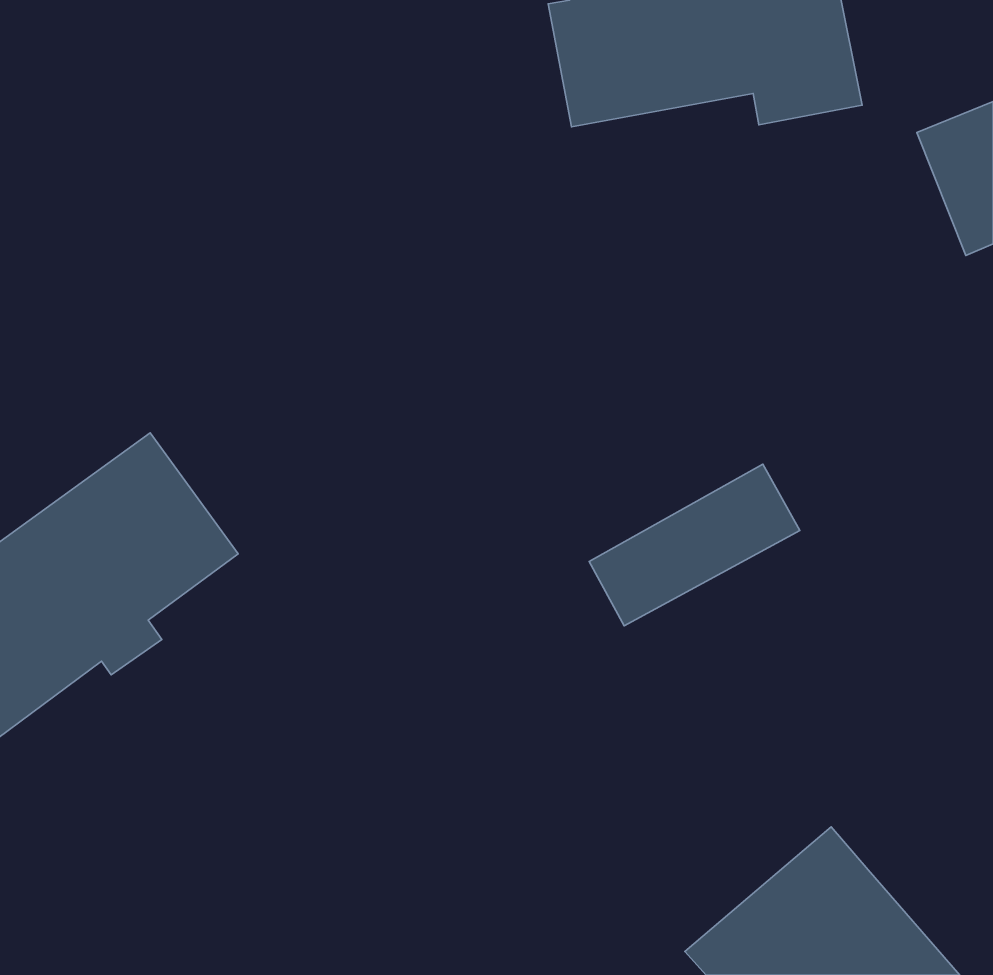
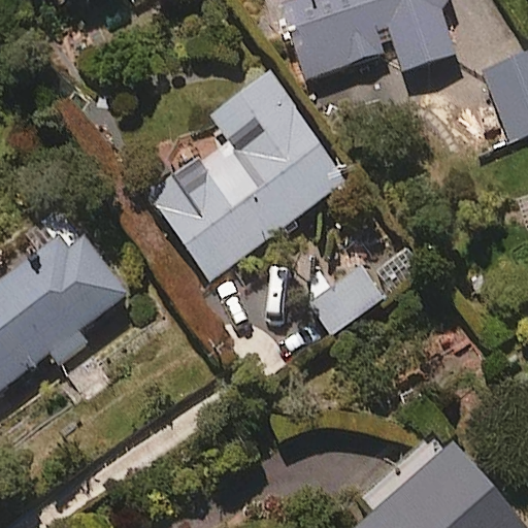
building: none -> [155,86,345,279]

